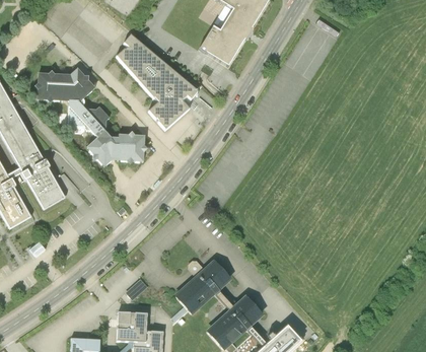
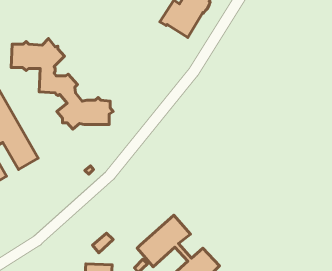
building: [116,34,198,130] -> none

